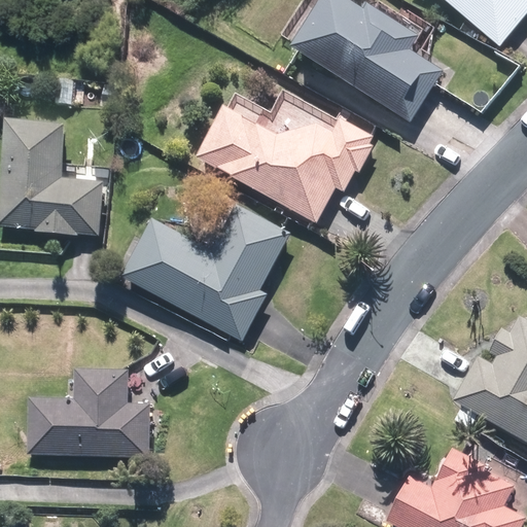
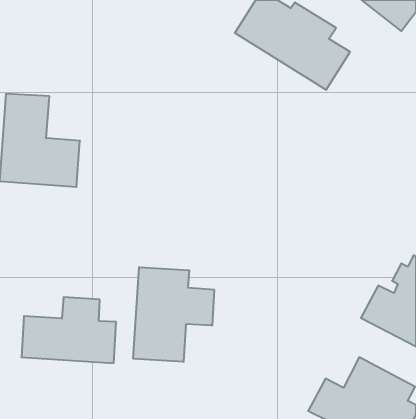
building: [197,101,375,220] -> none
building: [124,211,290,337] -> none
building: none -> [133,267,214,362]

